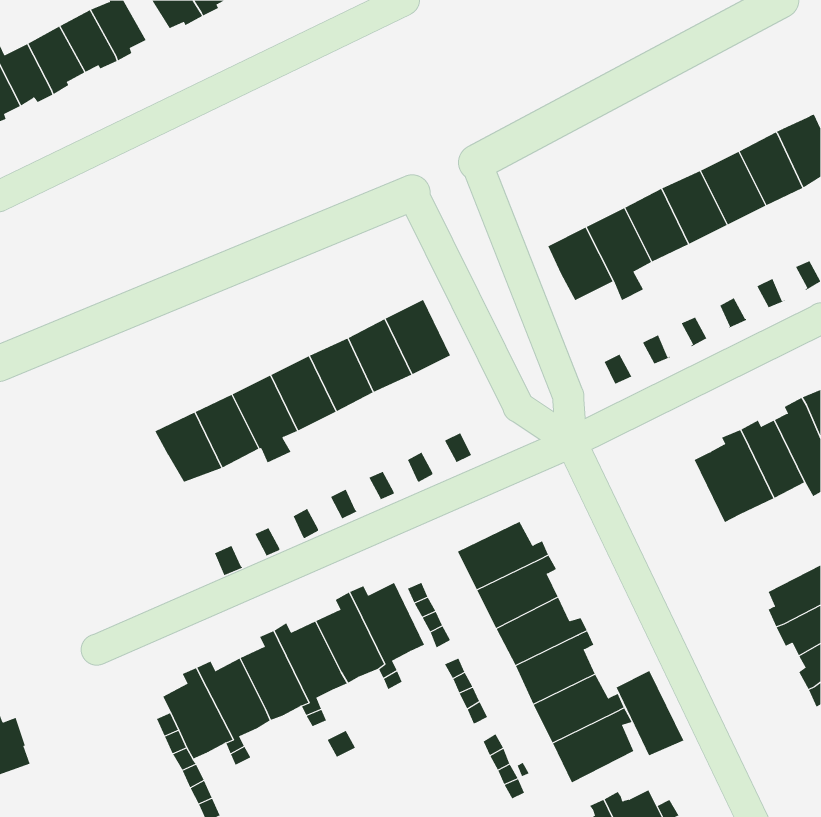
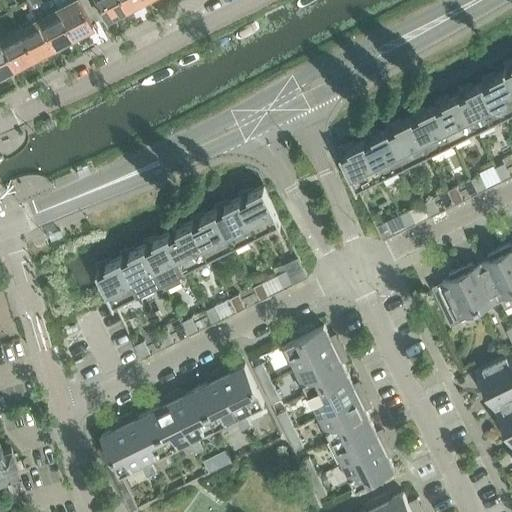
building: [616,670,684,756] -> none

